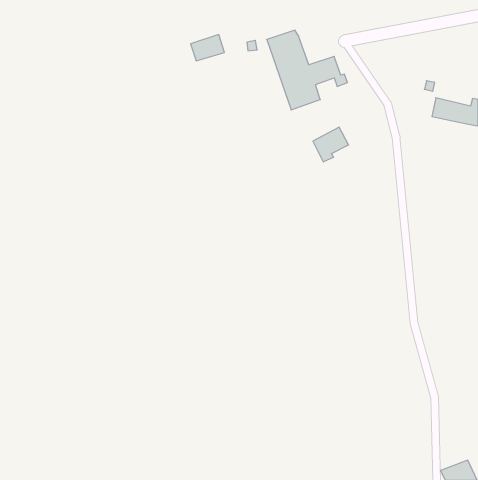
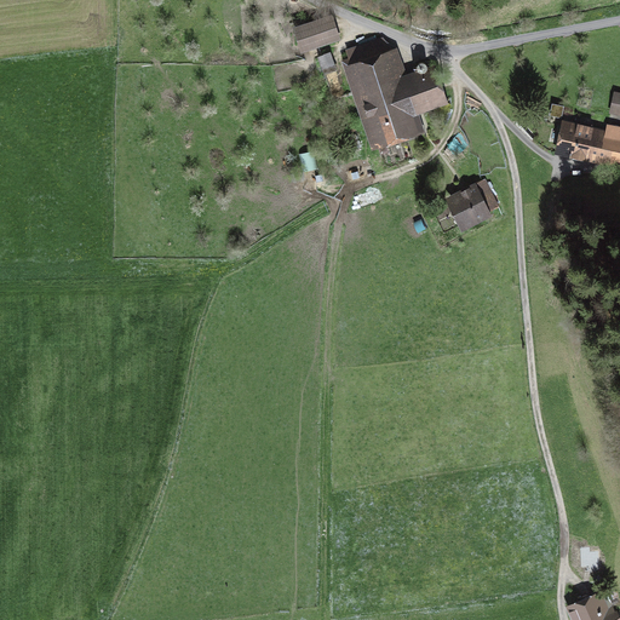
building: [191,35,224,61] -> [293,16,337,50]
building: [313,127,349,162] -> [449,183,495,228]

